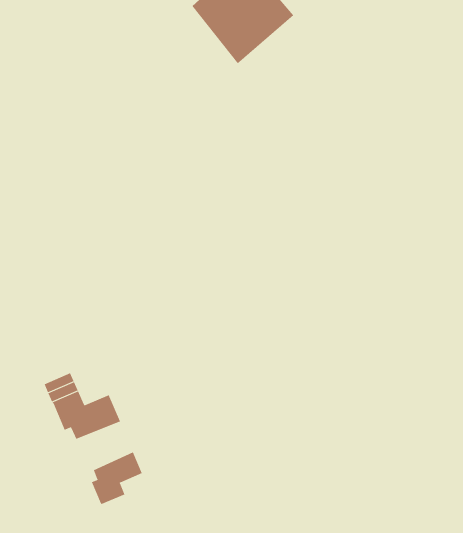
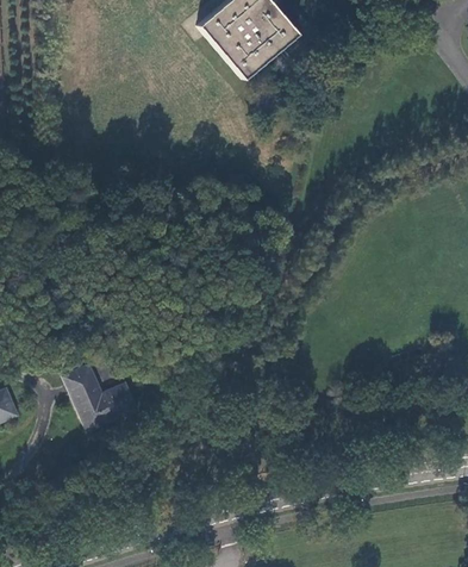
building: [91,452,143,505] -> none

